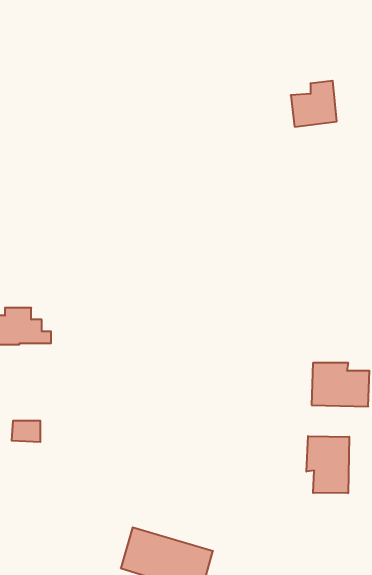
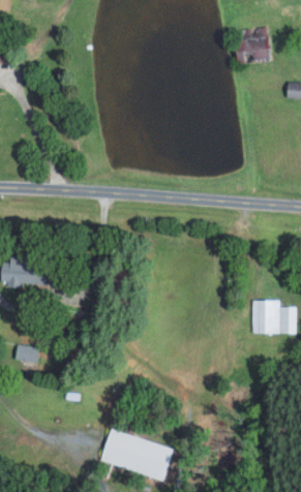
building: [291,81,337,127] -> [236,28,272,64]
building: [306,436,349,493] -> none

